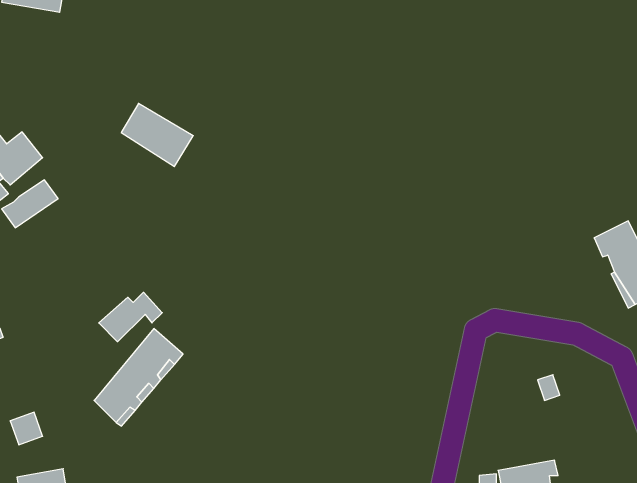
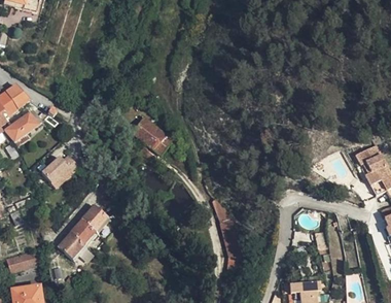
building: [121,103,193,167] -> [132,116,175,155]
building: [99,292,162,342] -> [40,153,78,182]

